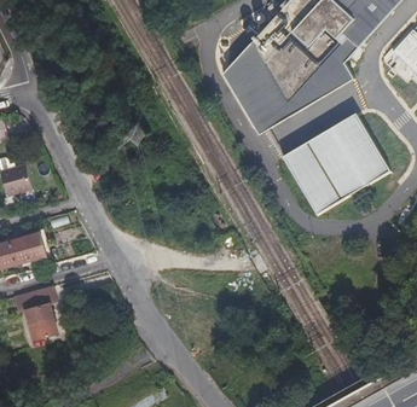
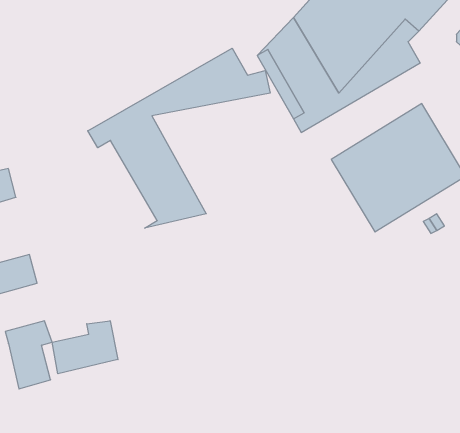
building: none -> [88,48,270,228]
building: none -> [52,321,118,374]

